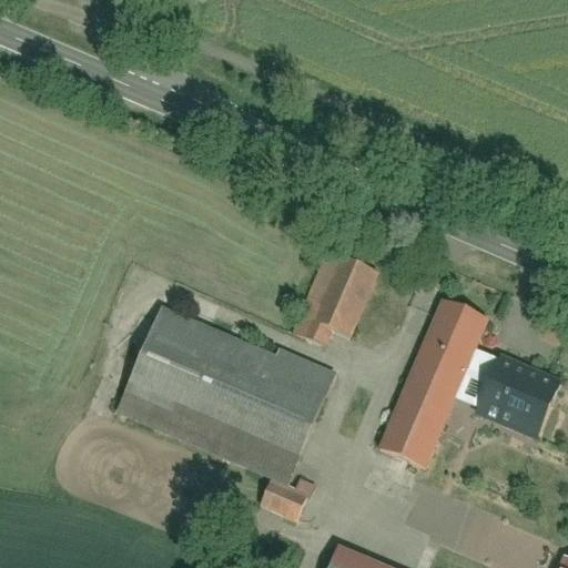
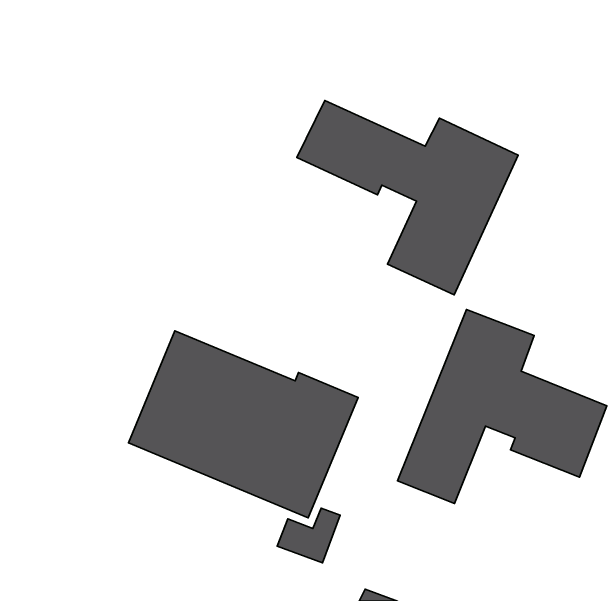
building: none -> [297,100,518,295]
building: [287,246,379,345] -> none

